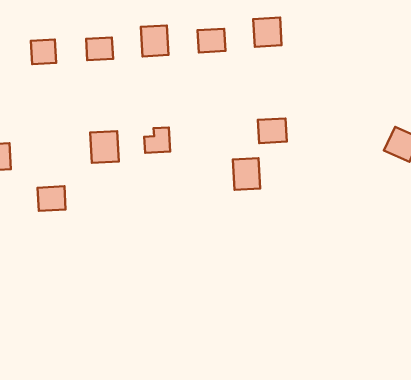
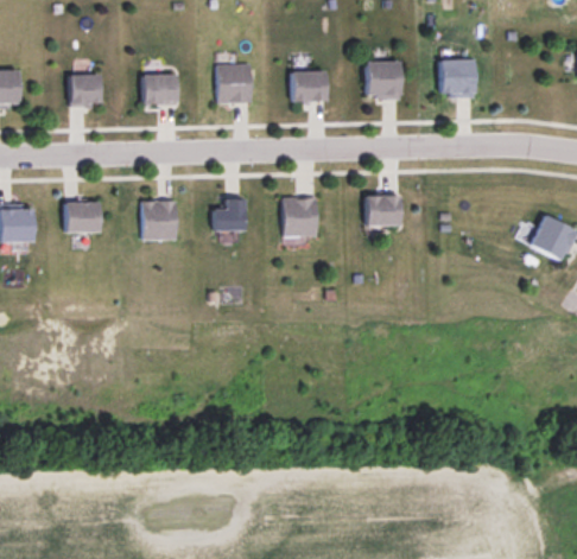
building: none -> [440,59,476,96]
building: [233,158,260,190] -> [283,196,317,236]
building: [38,186,66,211] -> [65,201,101,231]

